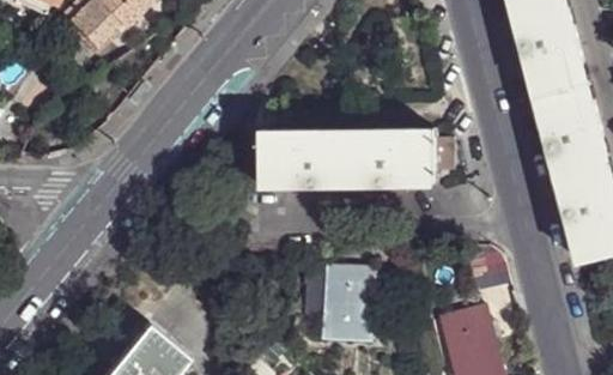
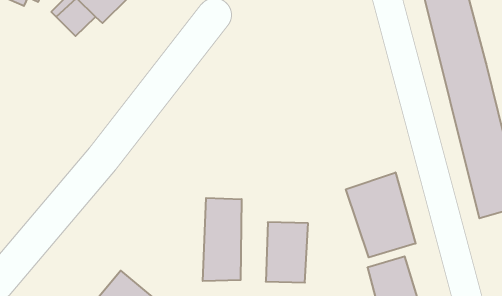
building: [256,128,449,185] -> none
building: none -> [346,172,416,257]
building: none -> [203,198,242,281]

